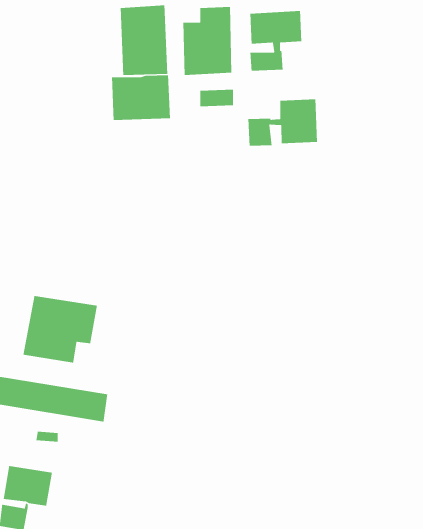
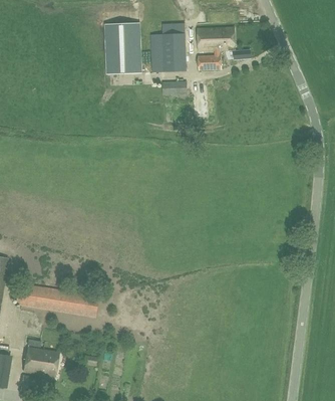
building: [111,75,171,121] -> none
building: [248,98,318,147] -> none
building: [22,295,98,364] -> none

